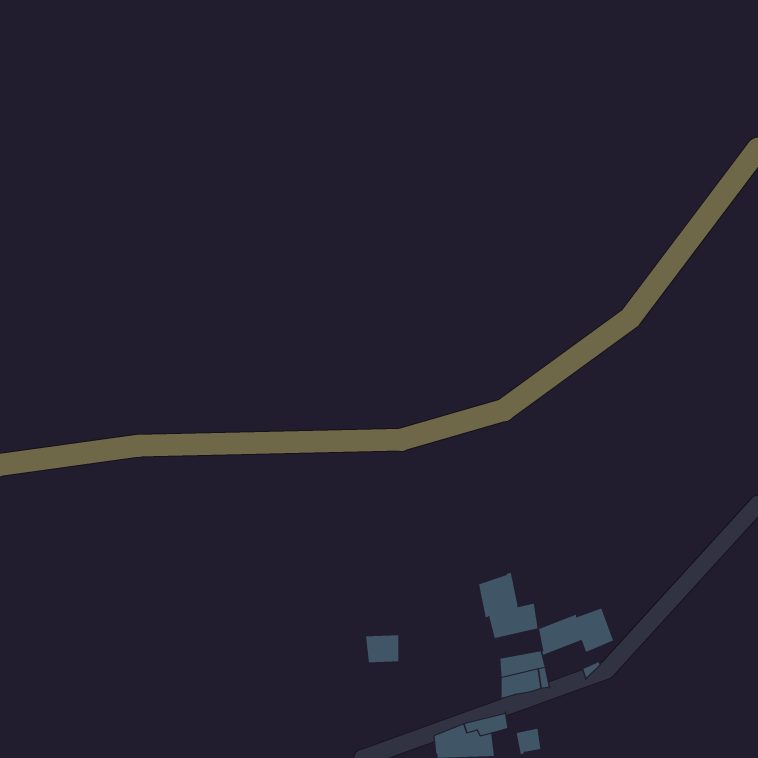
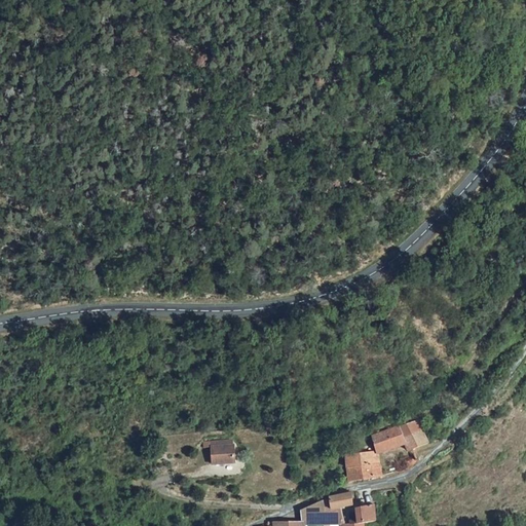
building: [479,572,538,639] -> none
building: [365,635,399,663] -> [211,441,234,460]

